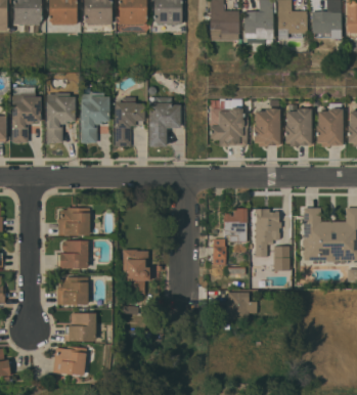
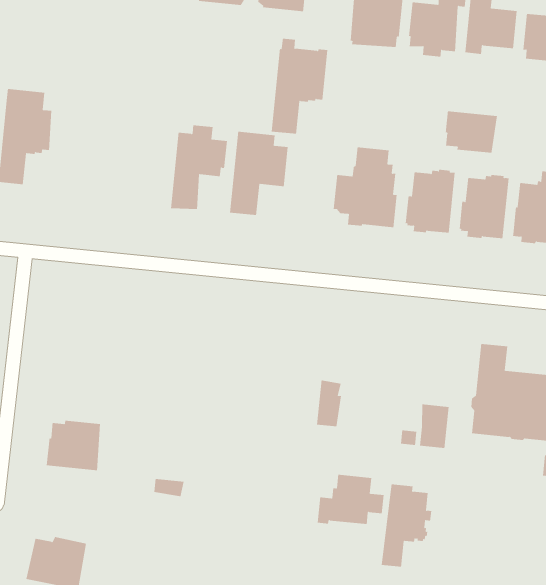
building: none -> [445,111,497,154]
building: [81,88,109,143] -> [271,38,328,134]
building: [46,93,75,143] -> none
building: [57,208,89,235] -> none
building: [223,209,247,243] -> none
building: [255,209,281,257] -> [381,484,432,567]
building: [56,240,88,268] -> none
building: [123,250,151,295] -> none
building: [63,313,96,341] -> none

